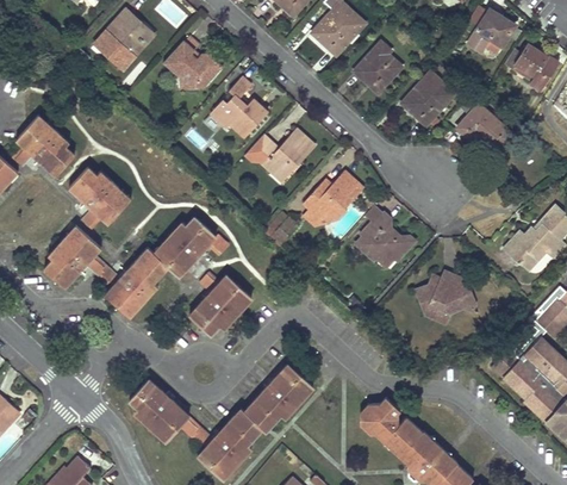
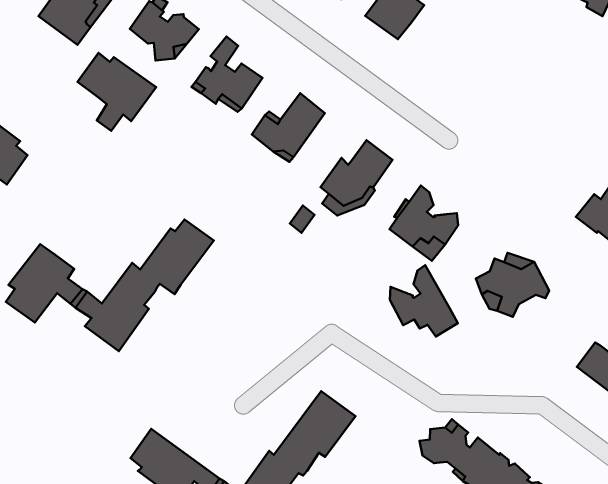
building: [401,73,454,125] -> none
building: [456,105,513,156] -> none
building: [69,167,131,230] -> [78,53,156,131]
building: [189,272,251,335] -> none
building: none -> [390,265,458,336]

